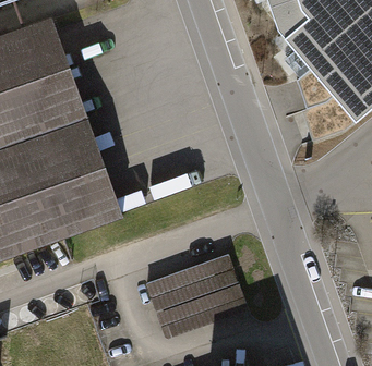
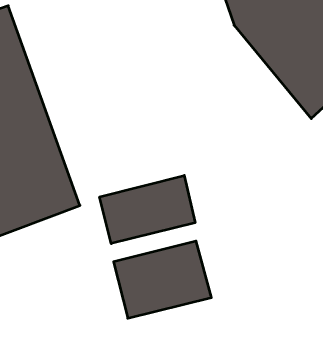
building: none -> [100,175,195,244]

